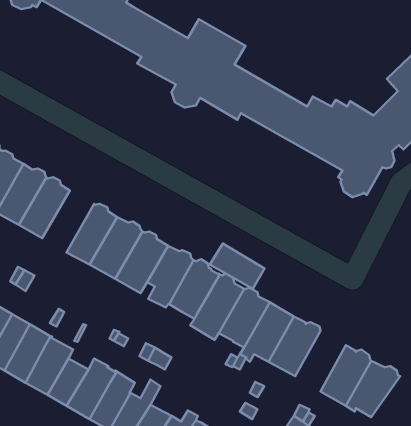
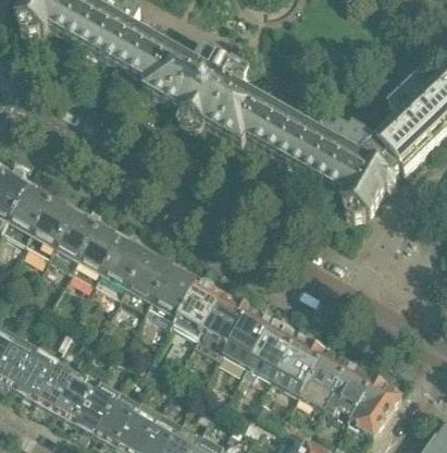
building: none -> [48,209,99,270]
building: [210,244,265,289] -> none
building: none -> [297,347,347,407]

